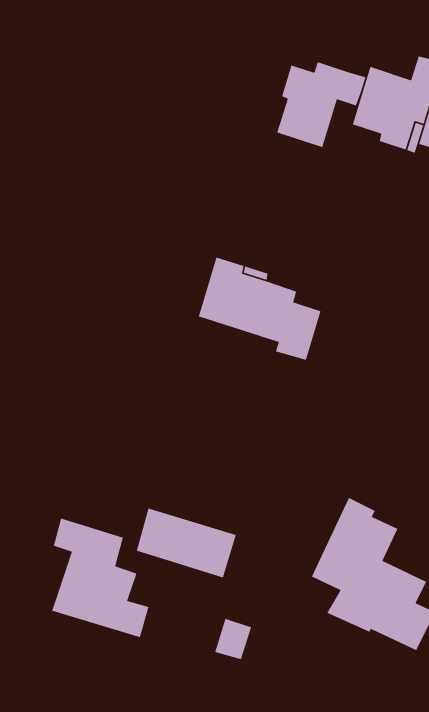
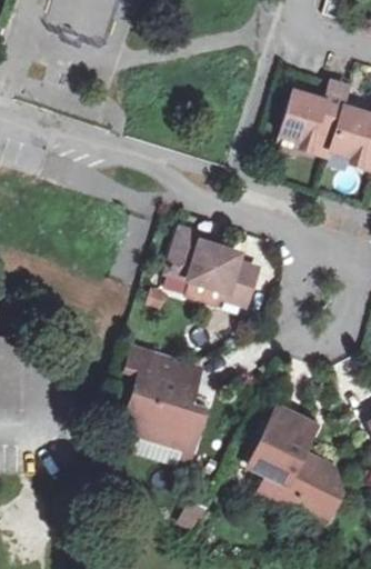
building: [276,61,366,148] -> none
building: [51,517,149,638] -> [130,346,202,435]

